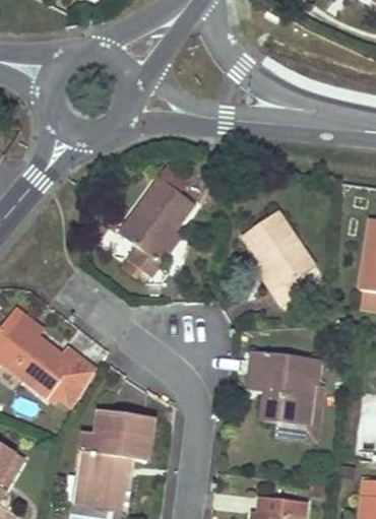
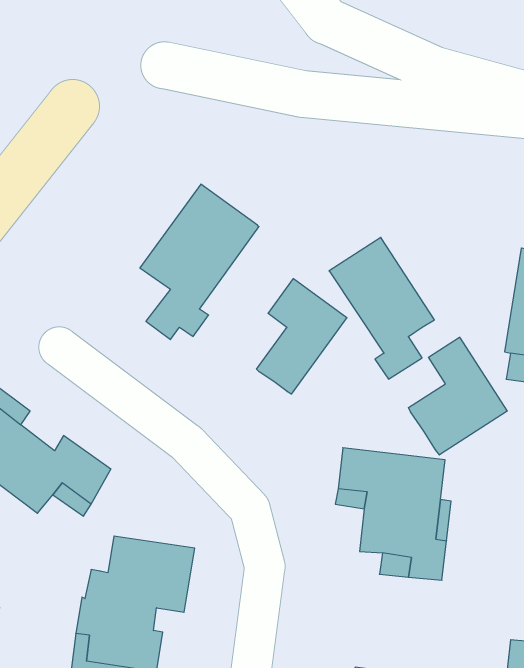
building: none -> [257,279,347,394]
building: none -> [408,337,507,455]

